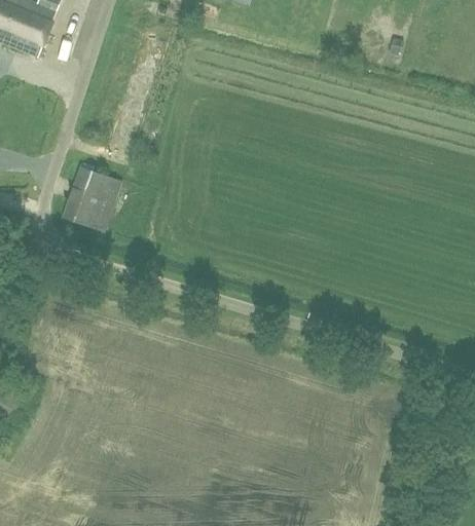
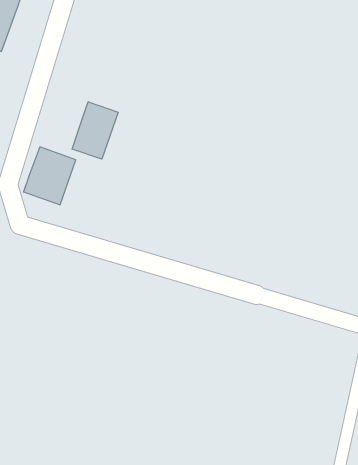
building: none -> [72,102,118,159]

